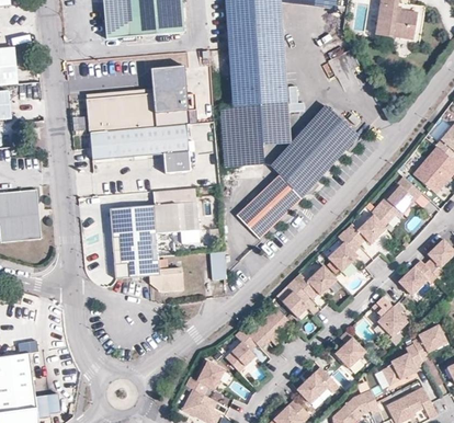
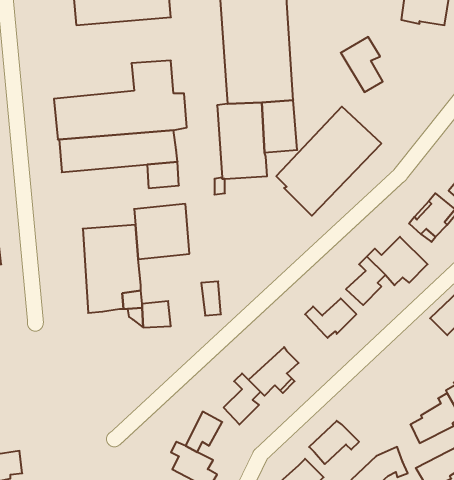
building: [236,173,300,238] -> none
building: [284,278,311,317] -> none
building: [377,296,409,338] -> none
building: [336,331,366,367] -> none

